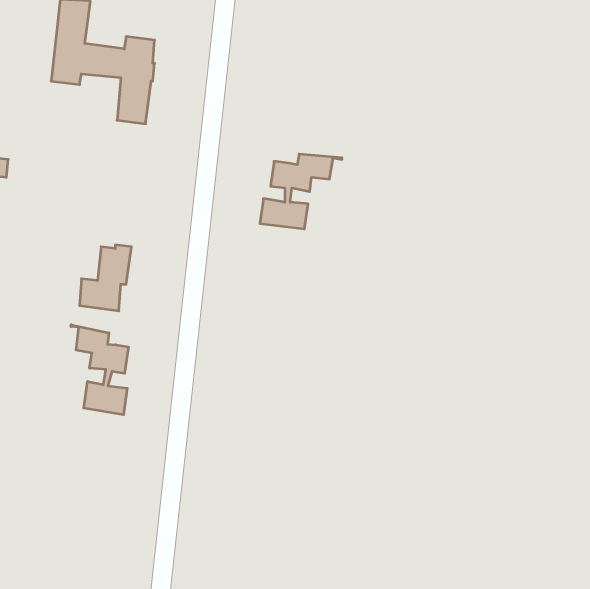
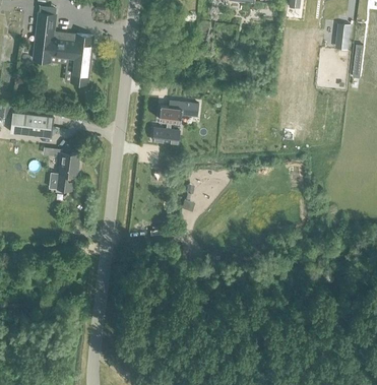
building: none -> [10,112,53,137]
building: [71,325,128,415] -> none

